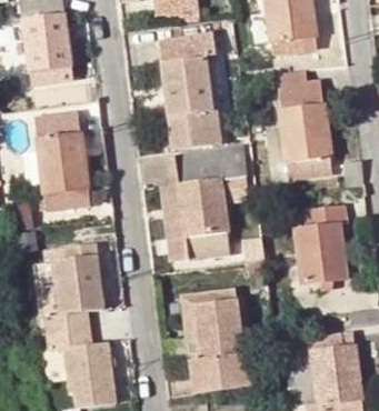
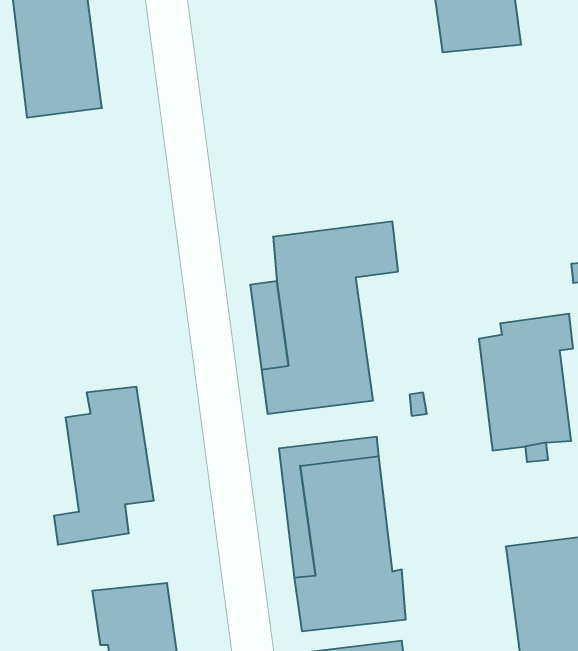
building: [159,36,221,149] -> none
building: [273,69,332,173] -> none
building: [34,112,90,212] -> none
building: [49,329,112,362] -> none

